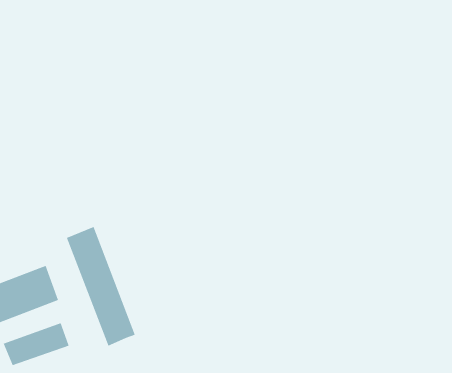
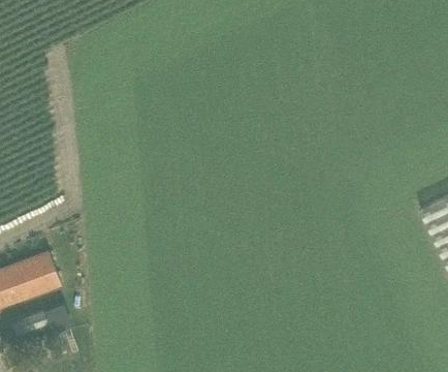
building: [66,226,136,346] -> none

